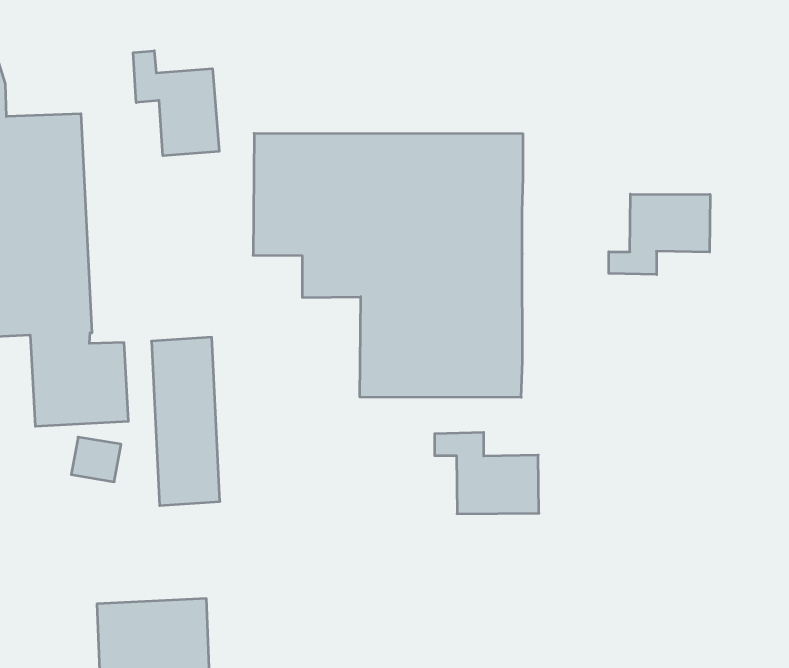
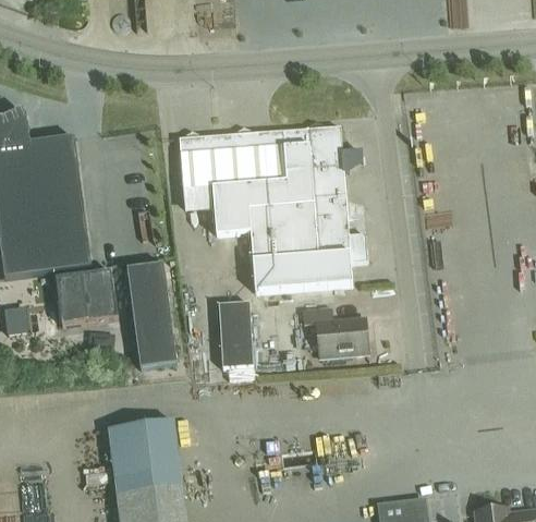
building: [133,51,219,156] -> none
building: [609,194,710,275] -> none
building: none -> [219,302,253,367]

